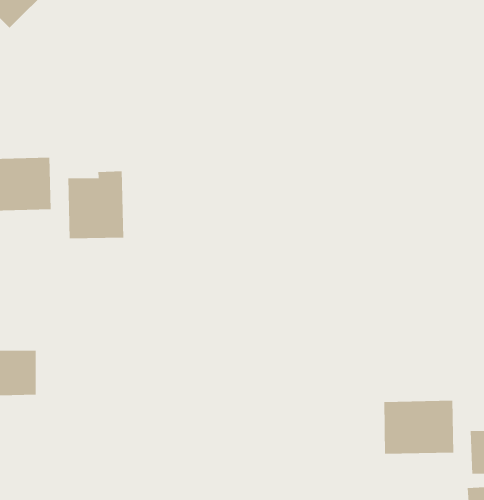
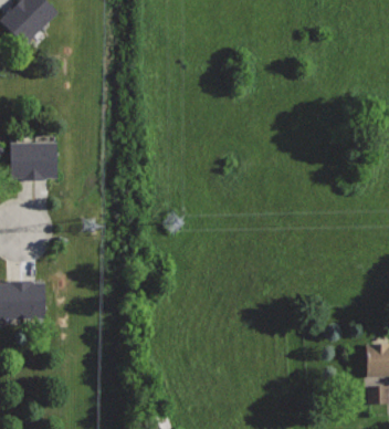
building: [68,170,124,239] -> none
building: [384,400,454,455] -> none

